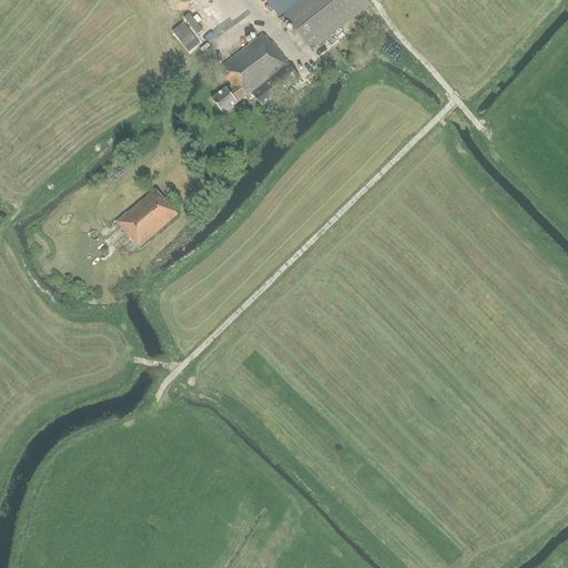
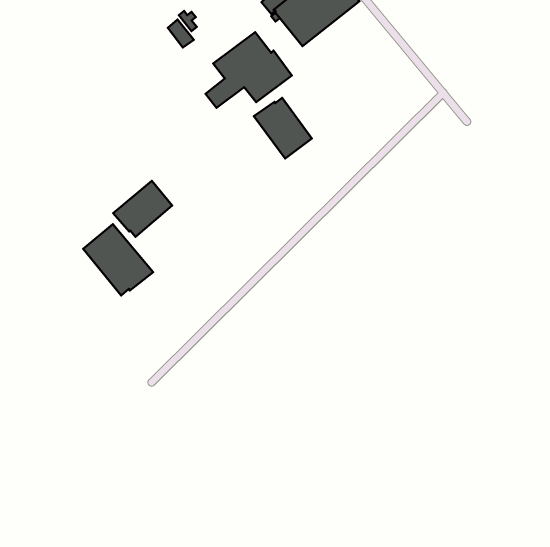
building: none -> [254,98,312,159]
building: none -> [83,224,153,295]

